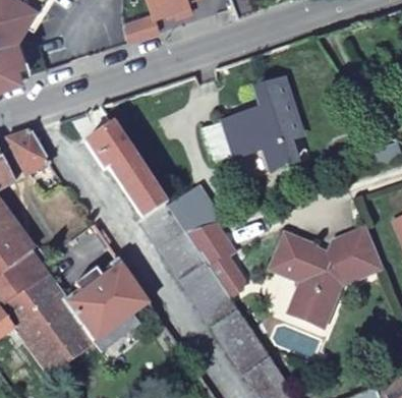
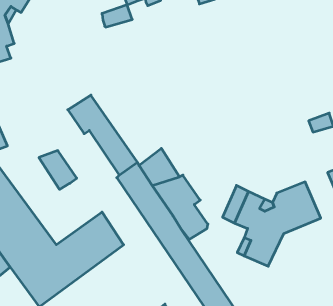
building: [198,80,299,169] -> none
building: [11,128,56,174] -> [39,151,77,189]

